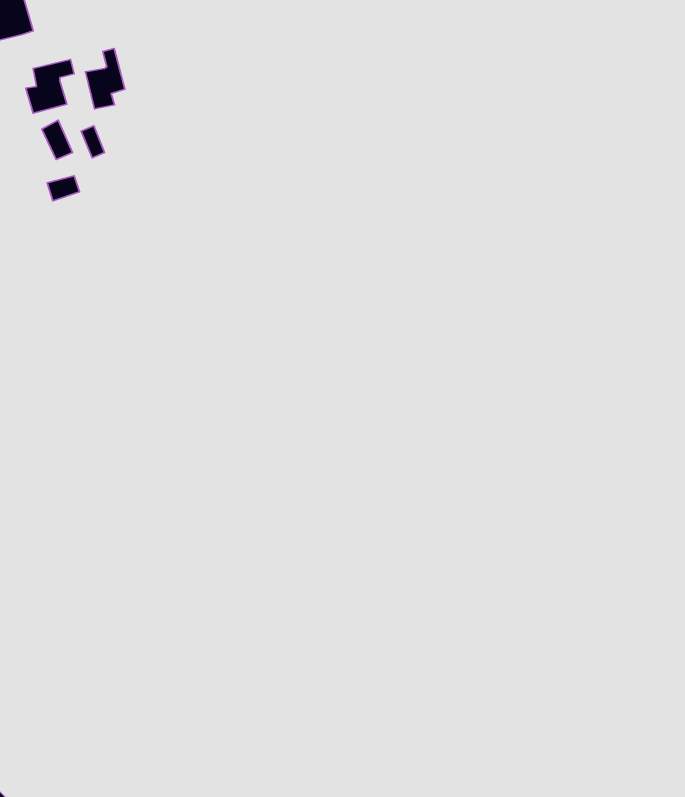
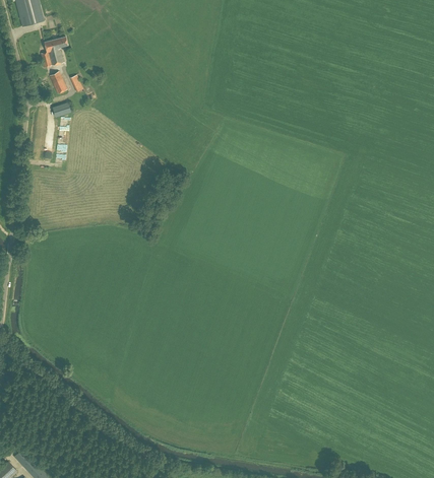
building: [86,49,125,109] -> none

